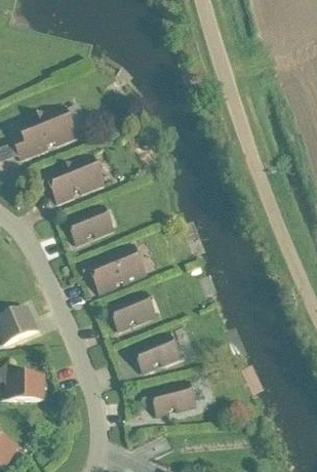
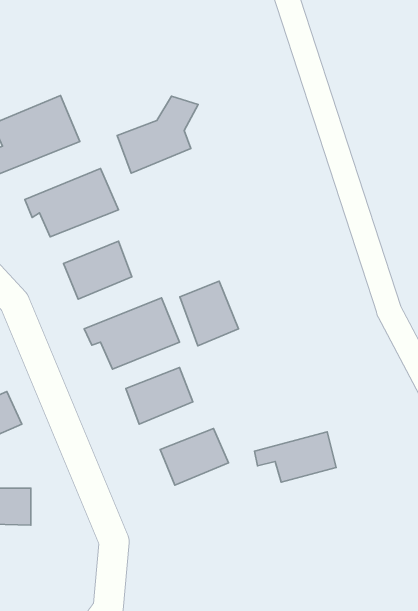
building: none -> [117,96,198,173]
building: none -> [180,281,238,346]
building: [140,382,196,417] -> [254,432,336,482]

